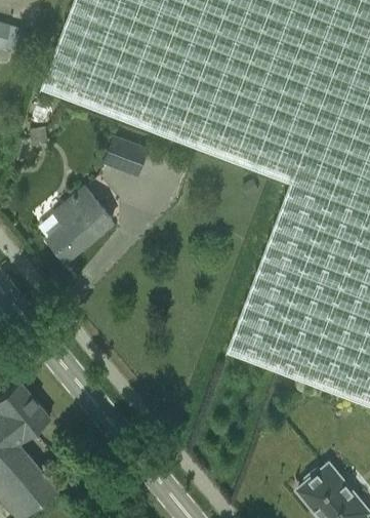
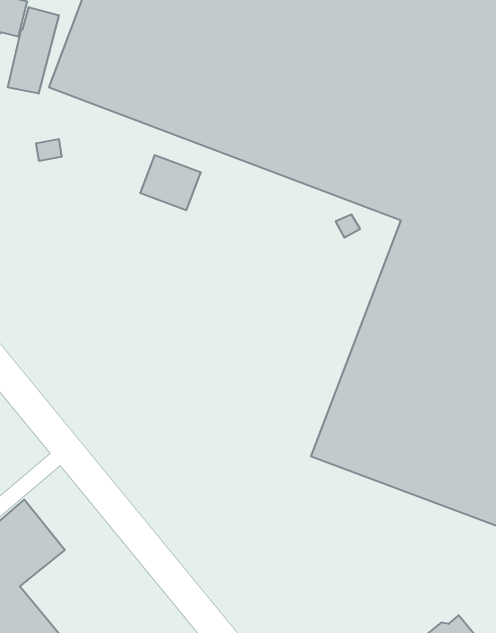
building: none -> [8,7,59,94]
building: [39,187,114,260] -> none

